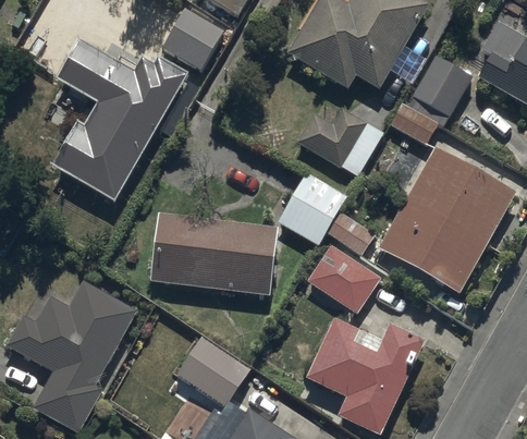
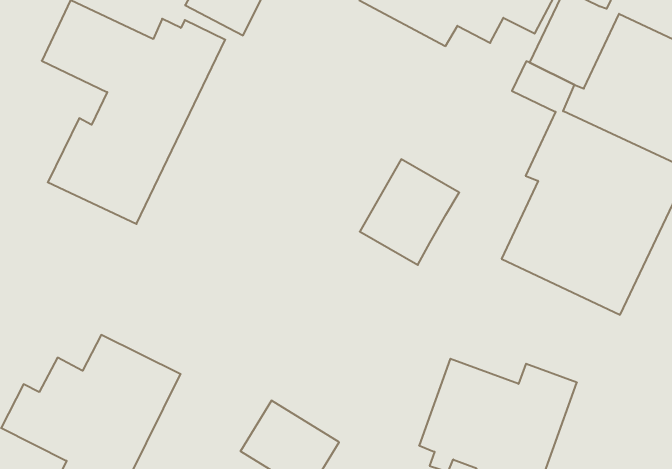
building: [296,107,384,176] -> none
building: [149,210,279,295] -> none
building: [307,211,381,313] -> none

